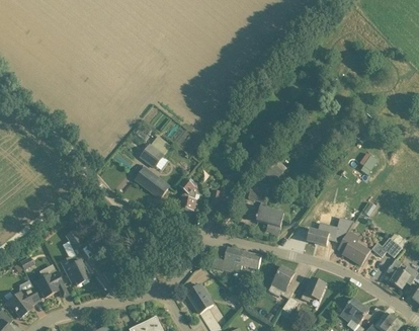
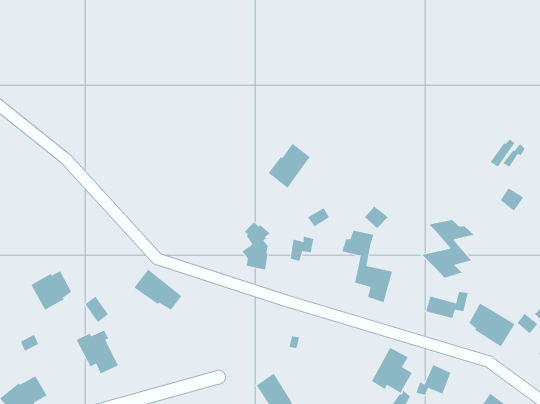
building: [140,135,170,167] -> [268,143,311,189]
building: [135,166,169,197] -> [134,269,182,313]
building: none -> [421,219,475,279]
building: [222,246,261,272] -> none
building: [33,269,63,298] -> [31,271,72,311]

